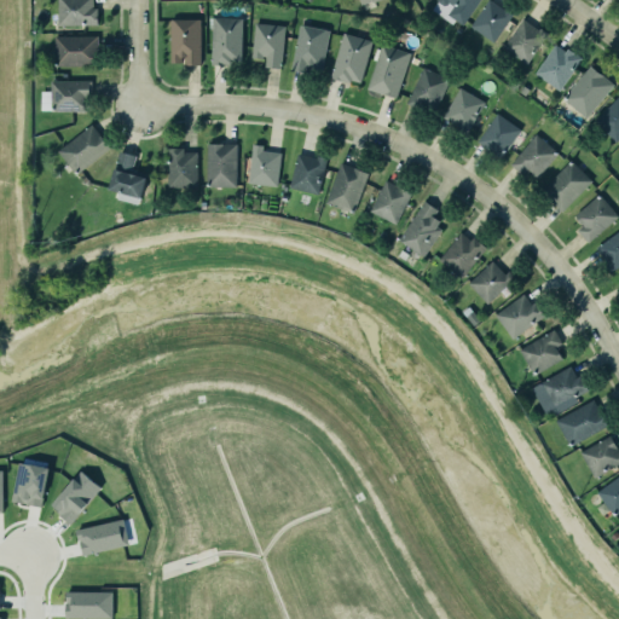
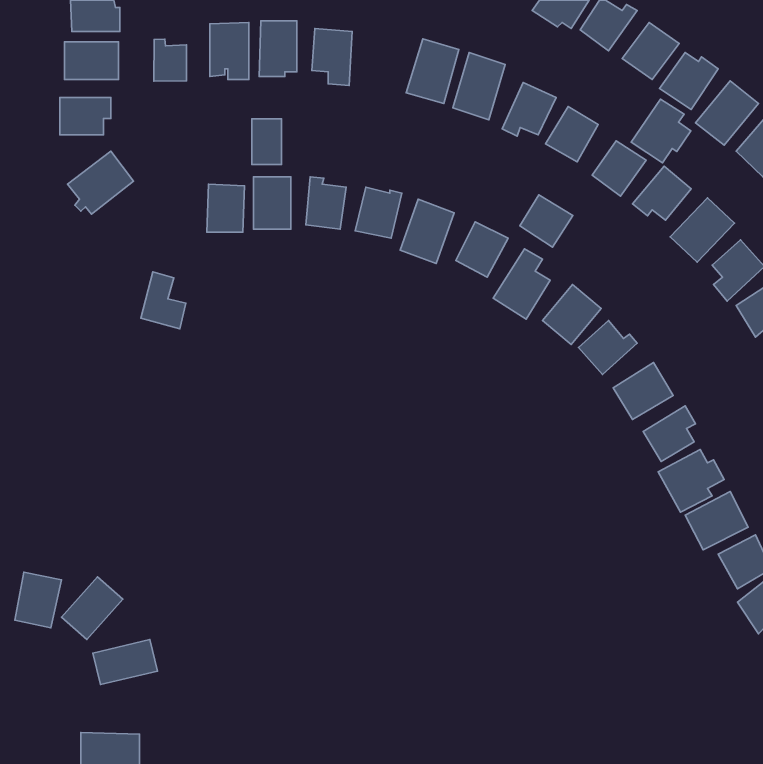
building: [294,27,330,75] -> none
building: none -> [154,39,187,81]
building: none -> [631,99,691,163]
building: none -> [252,119,281,165]
building: [110,150,146,196] -> [141,272,186,329]
building: none -> [520,195,573,247]

